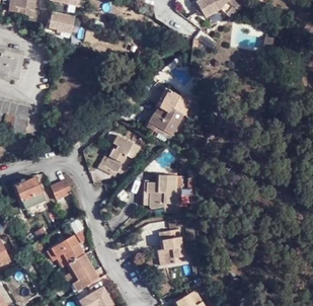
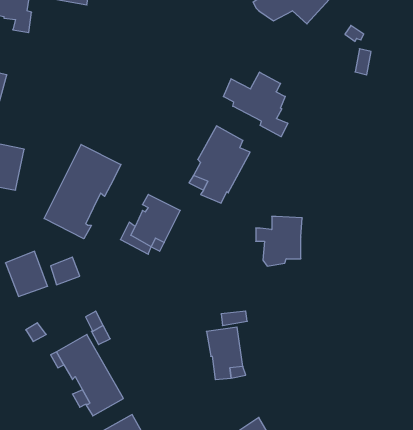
building: [49,11,74,31] -> none
building: none -> [223,72,288,137]
building: none -> [44,144,121,239]
building: [145,174,177,209] -> [256,216,302,266]

